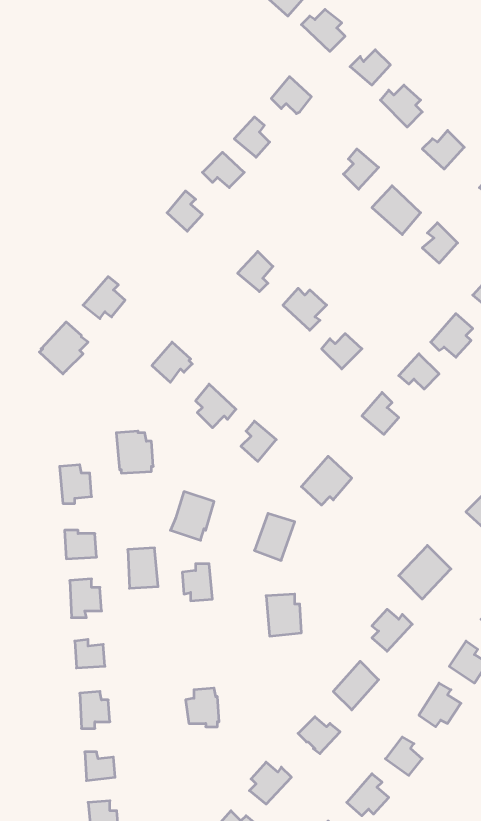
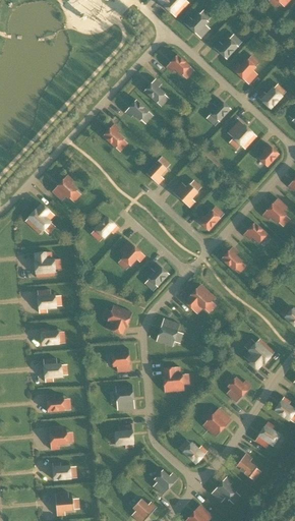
building: [116,431,153,473] -> [34,251,56,277]
building: [128,548,158,588] -> [116,386,134,410]

